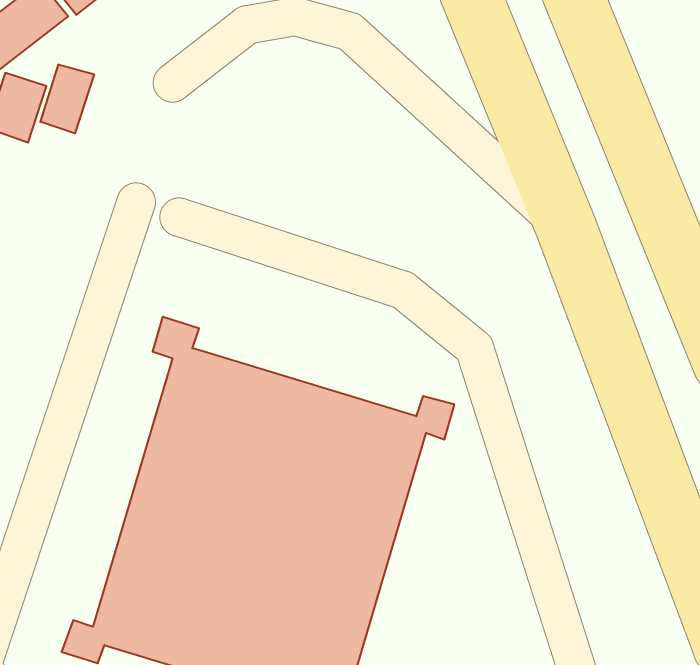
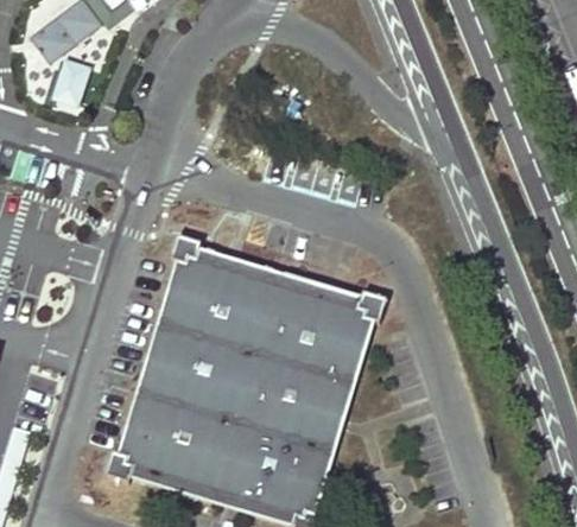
building: [40,64,94,133] -> none

